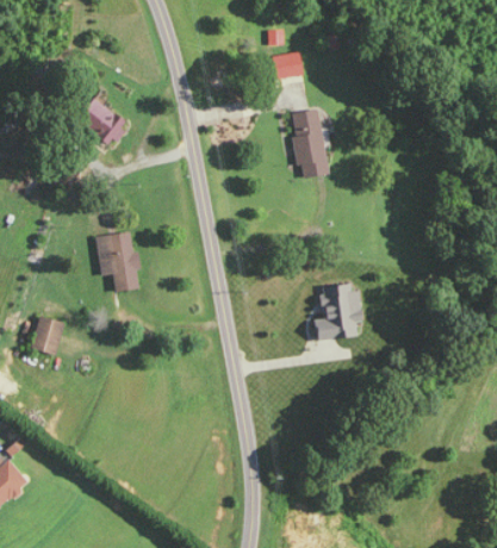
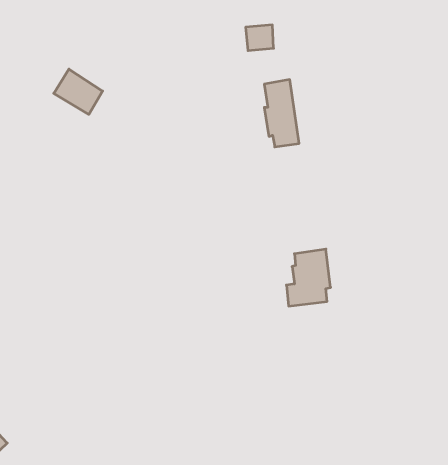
building: [95,231,141,291] -> none
building: [30,316,64,354] -> none

